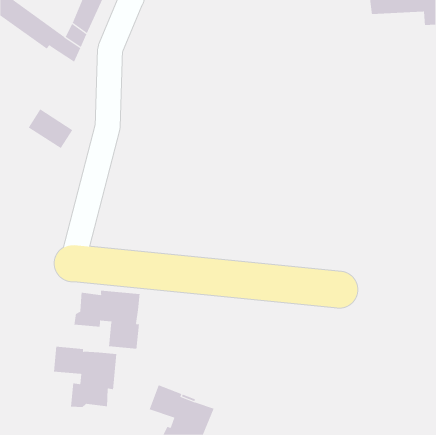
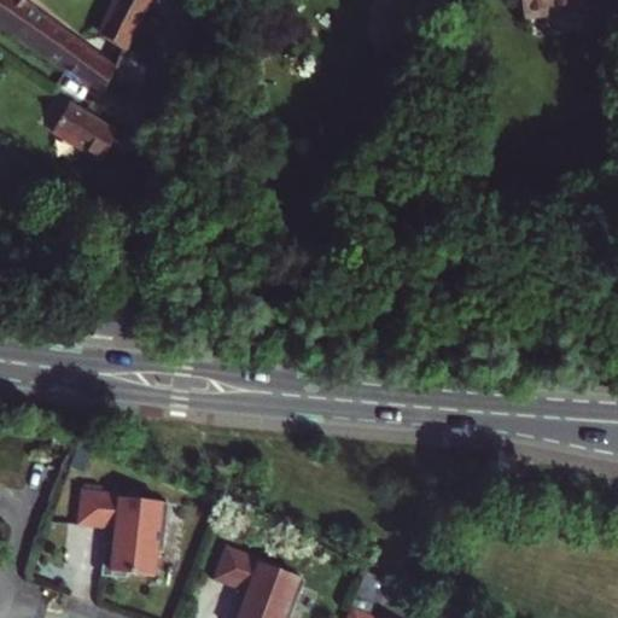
building: [28,109,73,149] -> [56,100,119,157]
building: [74,290,140,349] -> none

